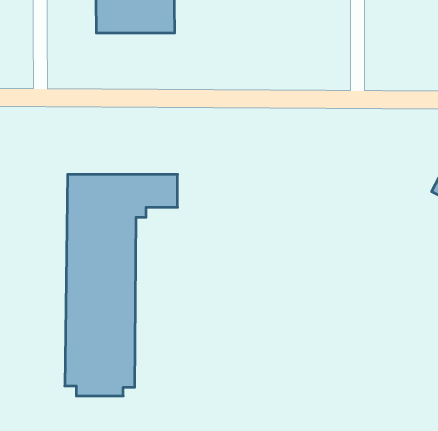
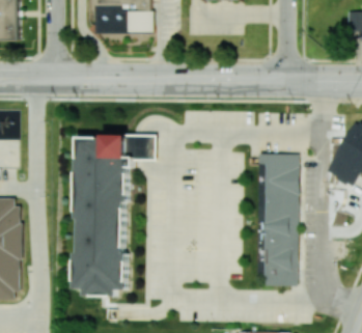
building: none -> [258,156,298,289]

